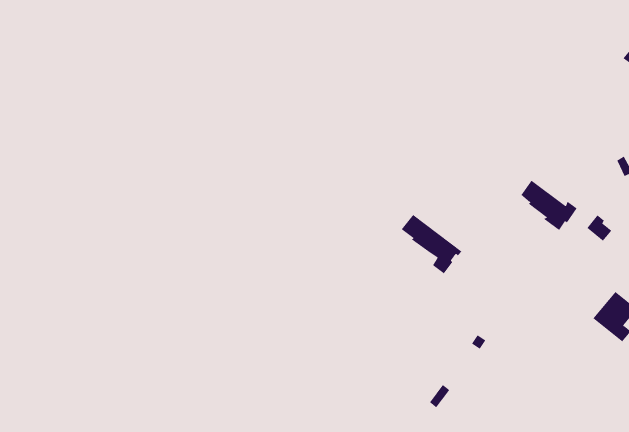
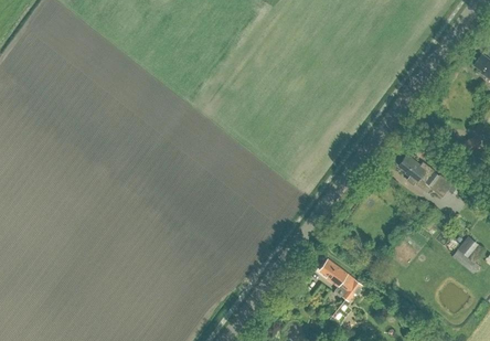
building: [401,214,462,274] -> [319,257,364,301]

